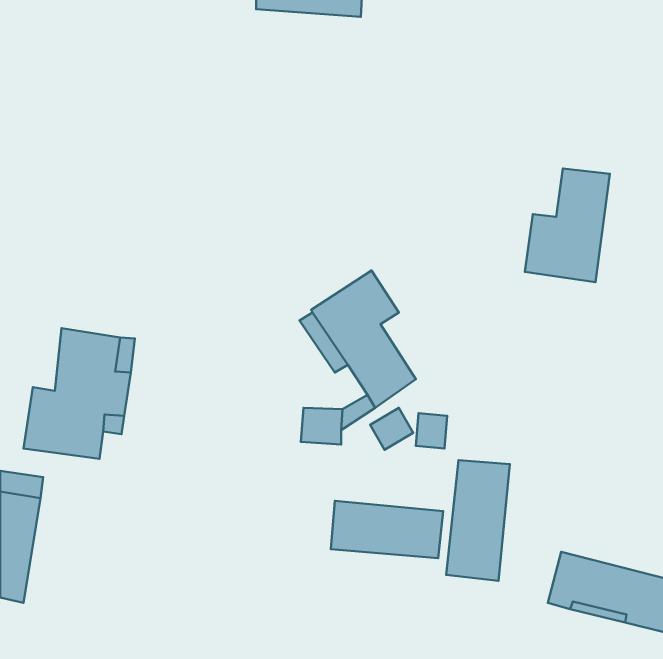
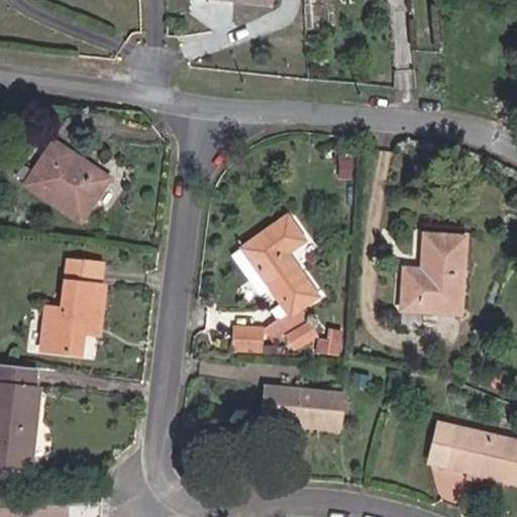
building: [525,169,610,282] -> [403,233,469,321]
building: none -> [22,138,110,219]
building: [446,460,510,581] -> none

